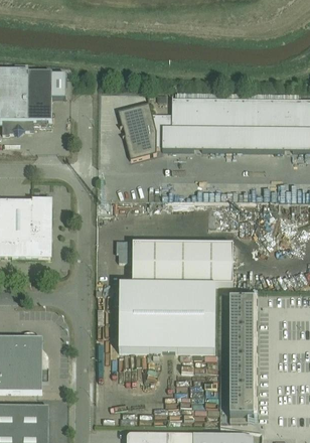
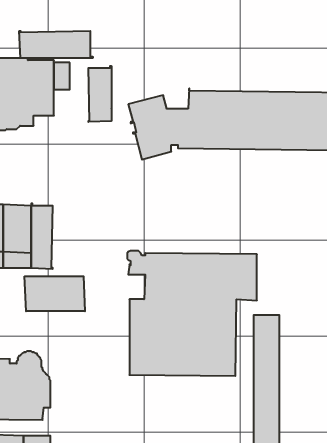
building: none -> [19,31,93,58]
building: none -> [88,66,111,122]
building: none -> [25,276,85,311]

